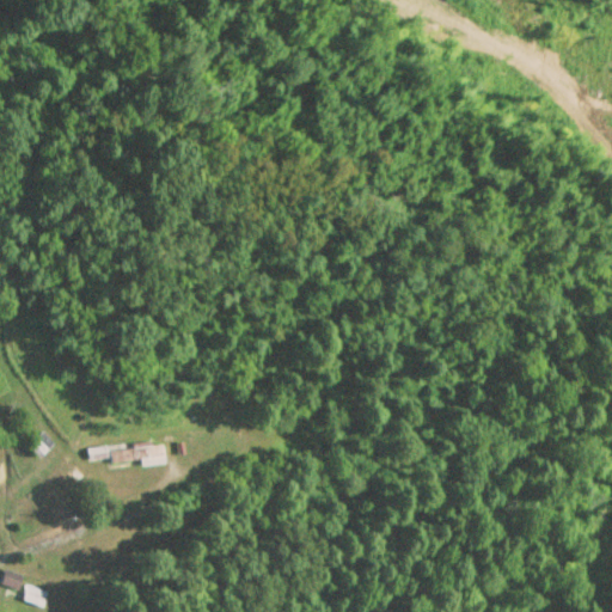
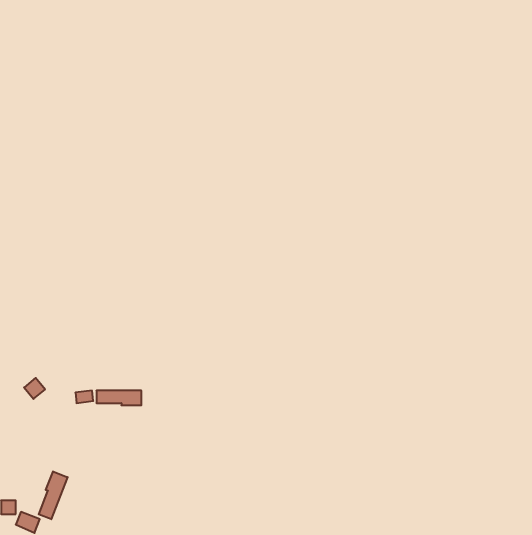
building: none -> [39,471,68,519]

